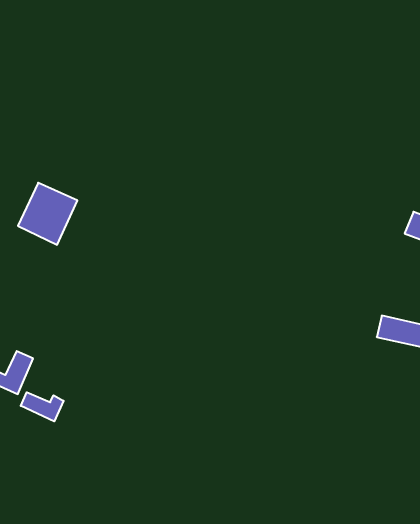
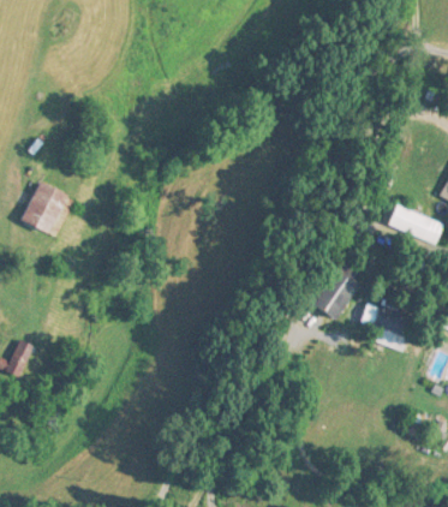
building: none -> [310,267,358,318]
building: [21,392,64,421] -> none

